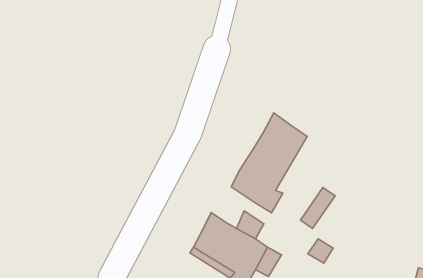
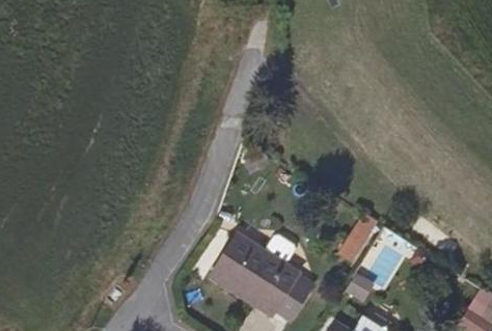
building: [231,113,307,213] -> none

